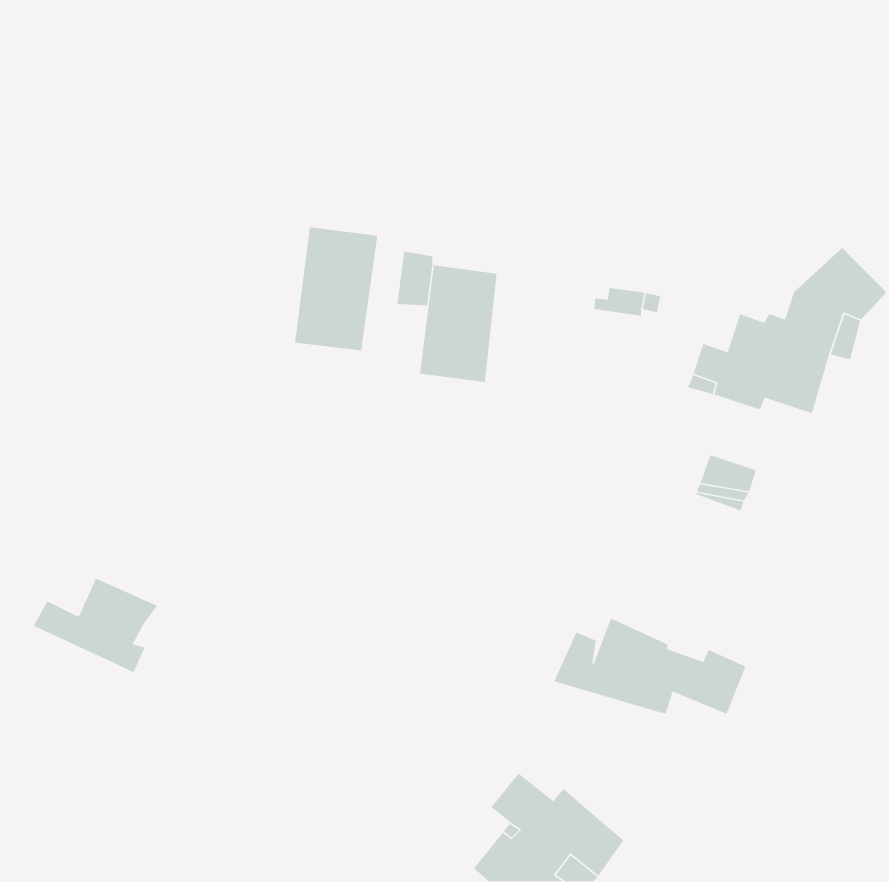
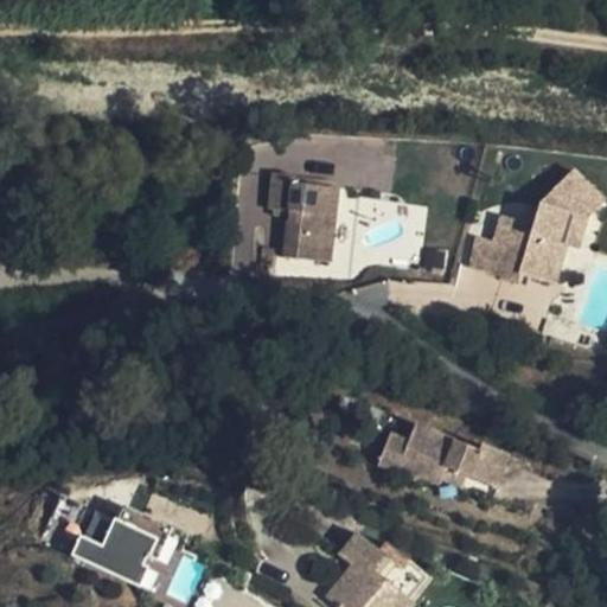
building: [294,227,378,351] -> none
building: [33,578,158,673] -> [71,520,156,586]

